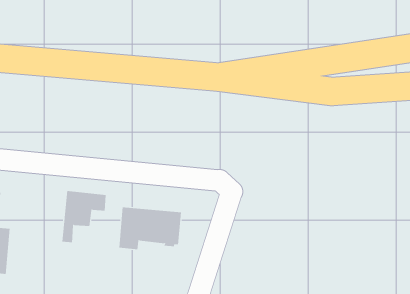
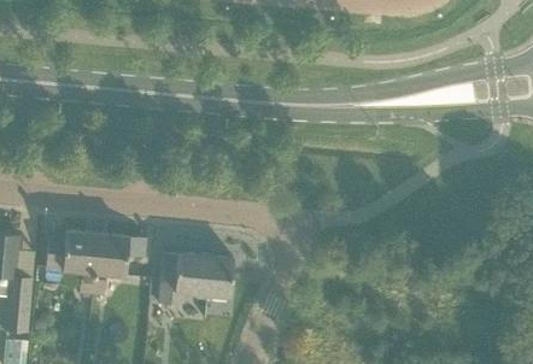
building: none -> [46,233,98,295]

